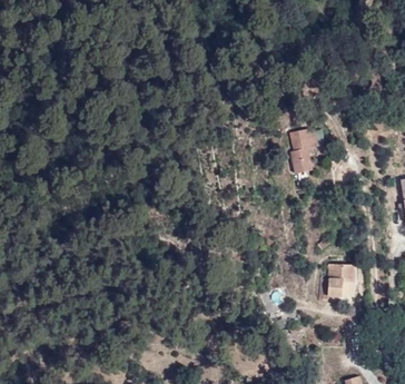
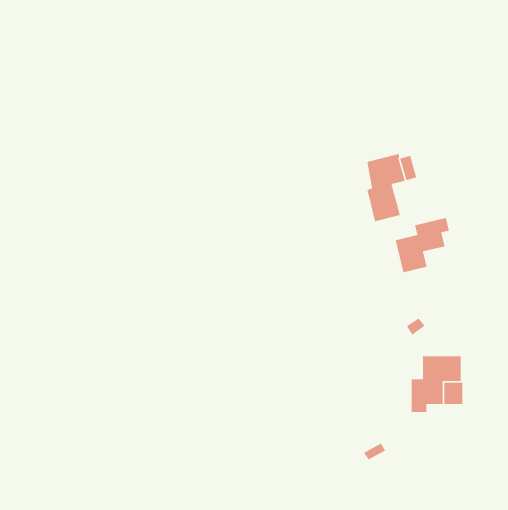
building: none -> [395,217,450,273]

